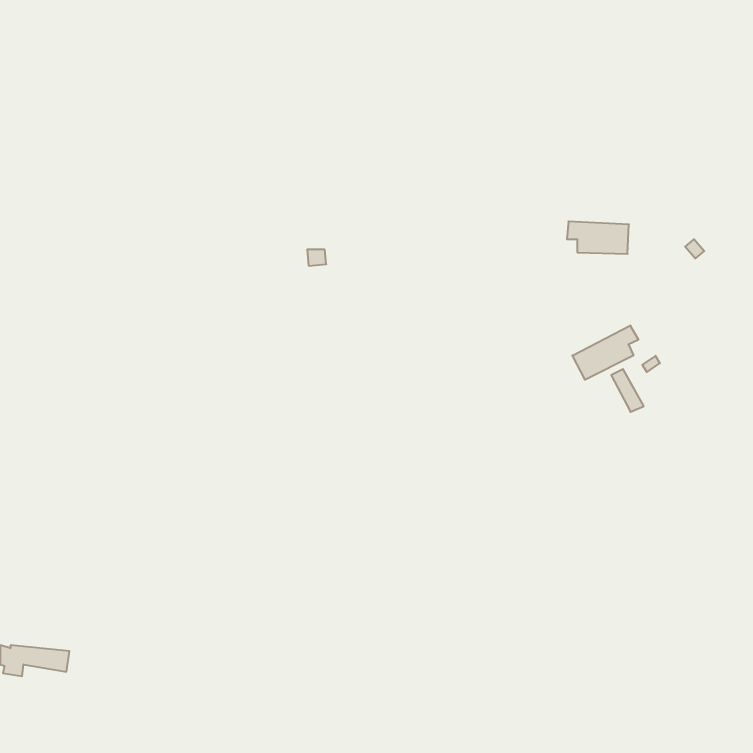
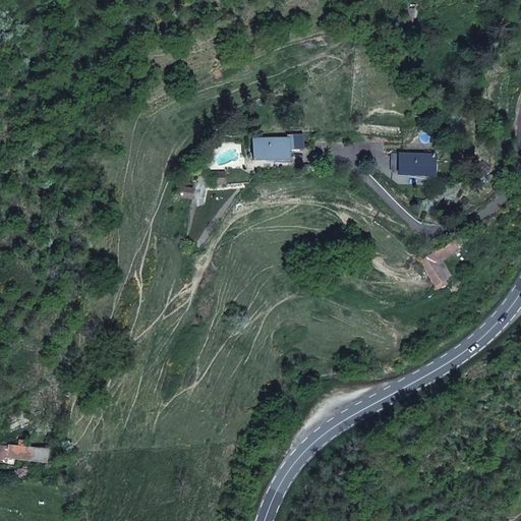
building: none -> [254,134,303,159]
building: [572,325,638,380] -> none

